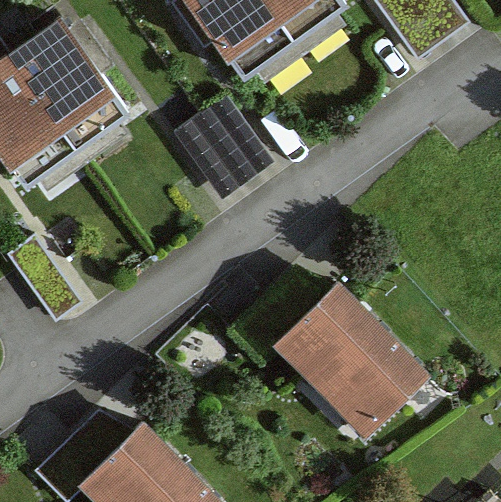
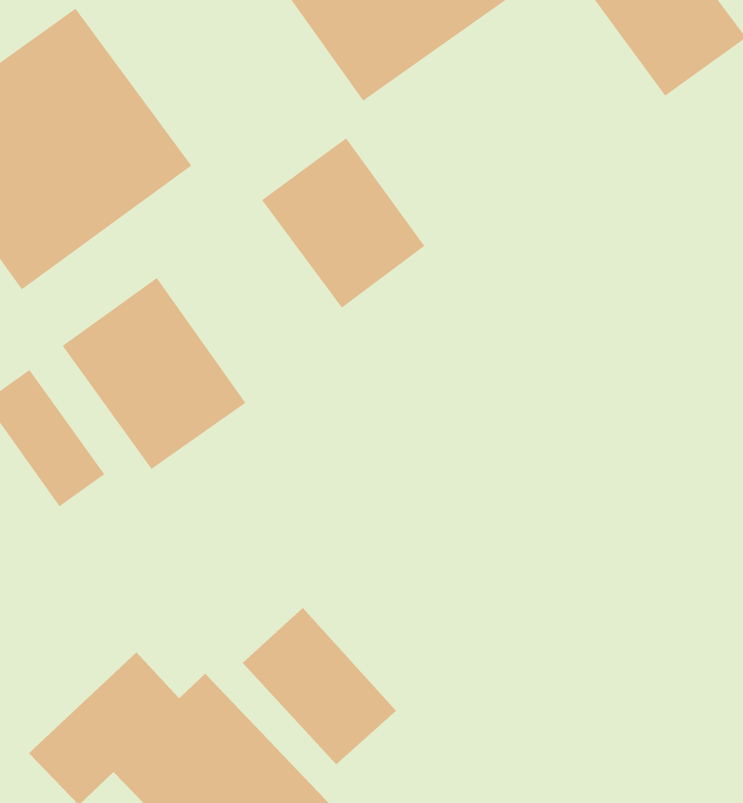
building: none -> [62,277,246,470]
building: [232,265,433,435] -> none
building: none -> [242,607,397,765]

